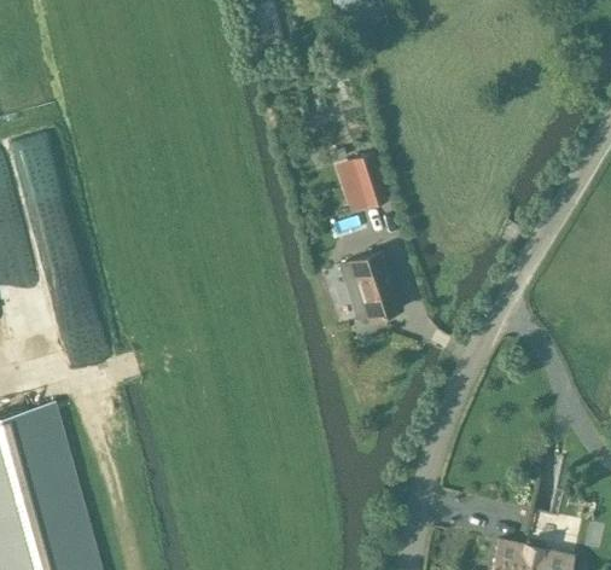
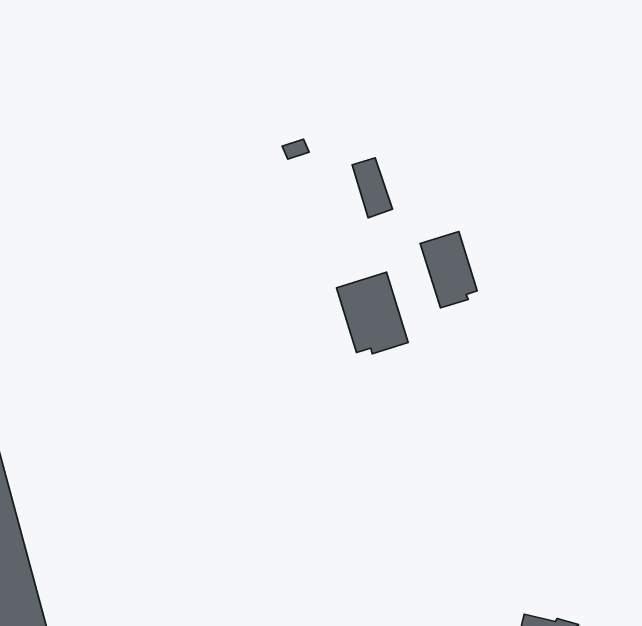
building: none -> [420,232,477,308]

